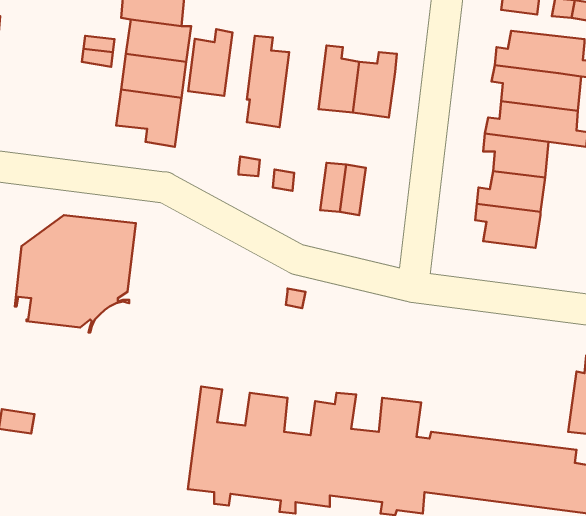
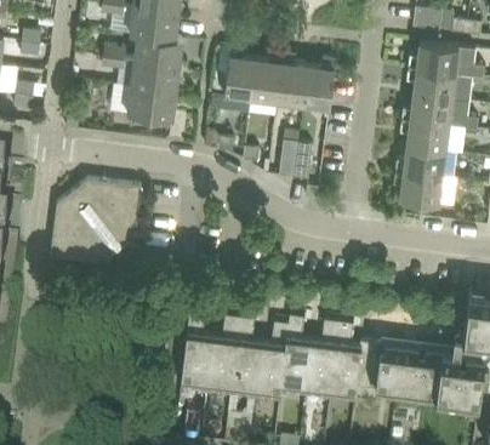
building: [188,29,232,96] -> [250,51,283,101]

